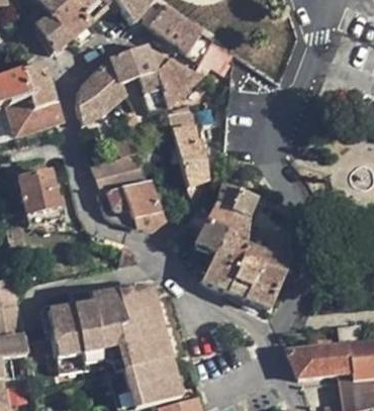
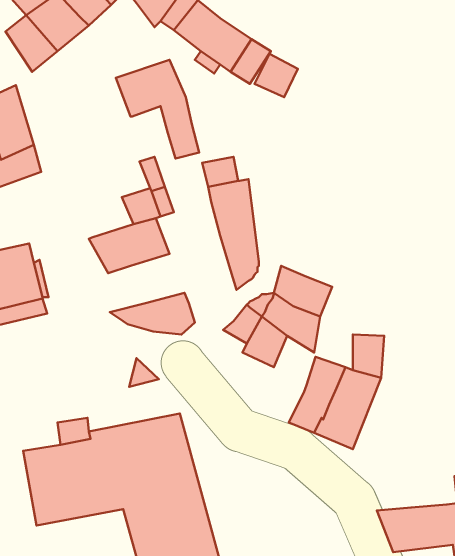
building: [147,47,202,108] -> none
building: [77,58,126,127] -> none
building: [97,177,156,216] -> none
building: [203,232,245,291] -> none

